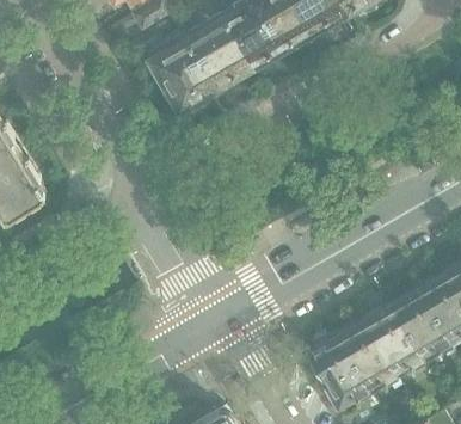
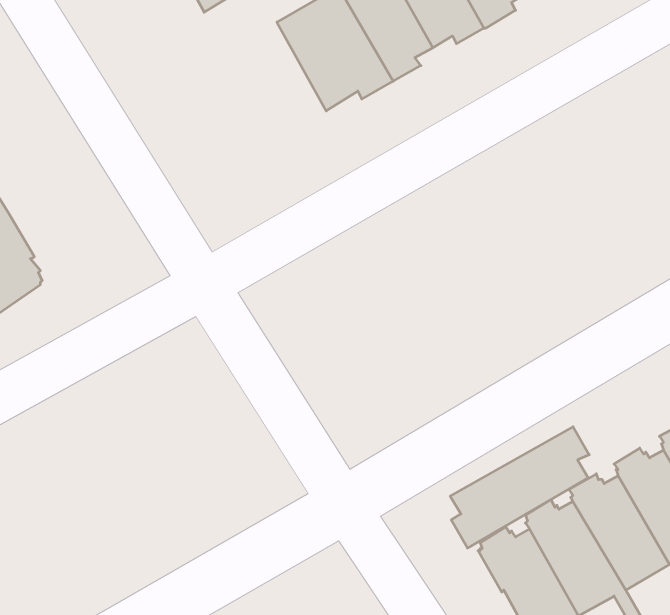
building: [145,35,215,117] -> none
building: none -> [450,427,589,548]

